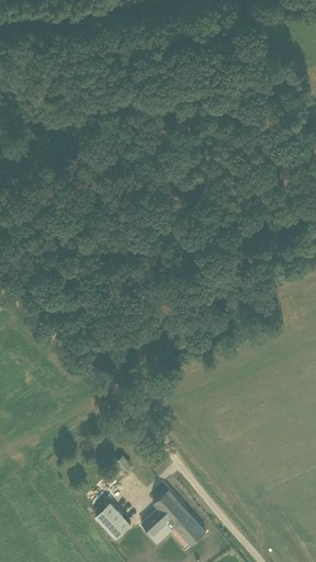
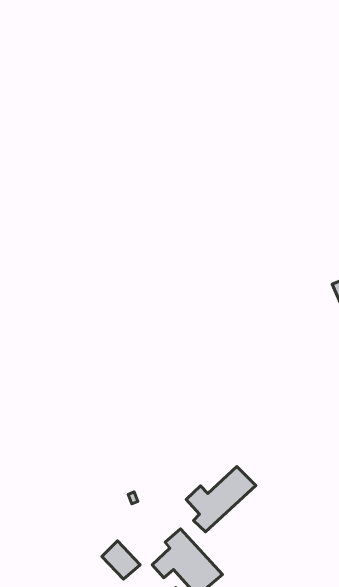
building: none -> [186,466,256,532]

